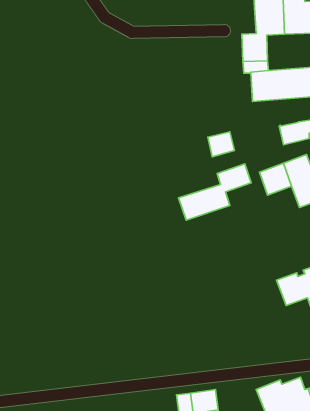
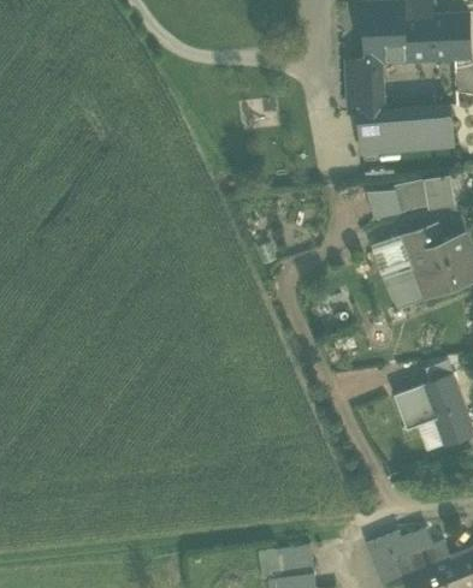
building: [208,132,234,157] -> [368,186,404,220]
building: [178,164,251,220] -> none
building: none -> [386,268,426,308]

